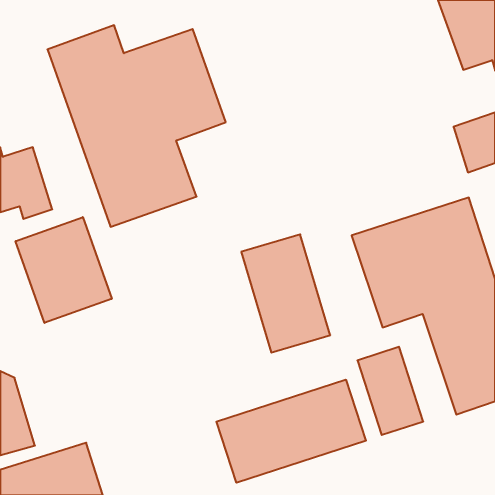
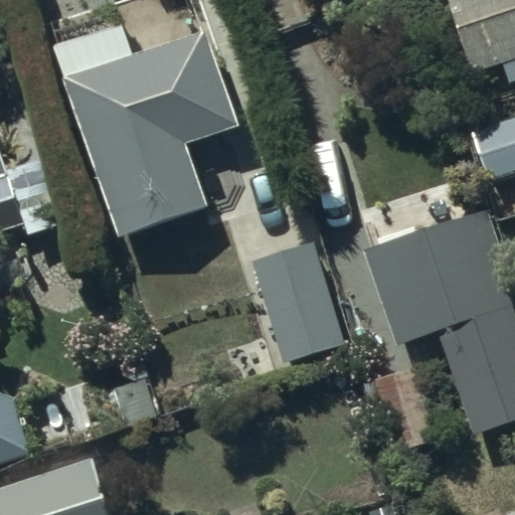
building: [16,217,112,323] -> none
building: [216,380,366,483] -> none

